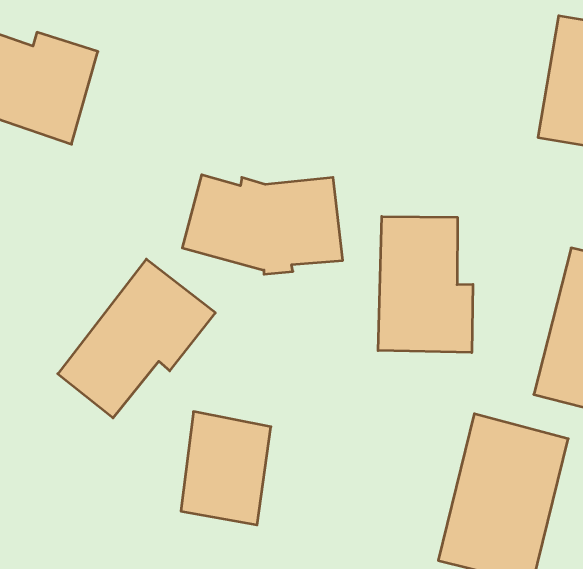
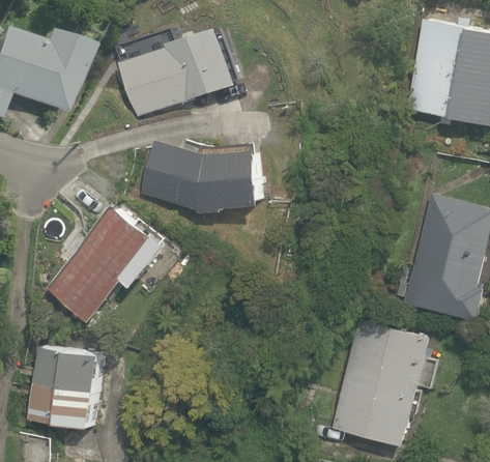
building: none -> [116,26,236,119]
building: [378,216,473,353] -> none
building: [181,412,271,525] -> [31,344,98,429]

